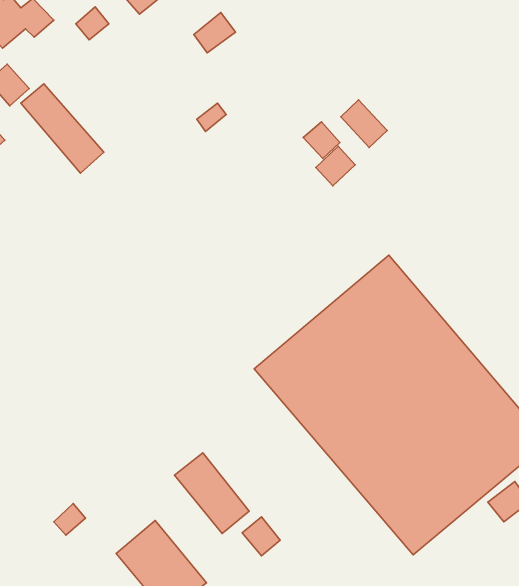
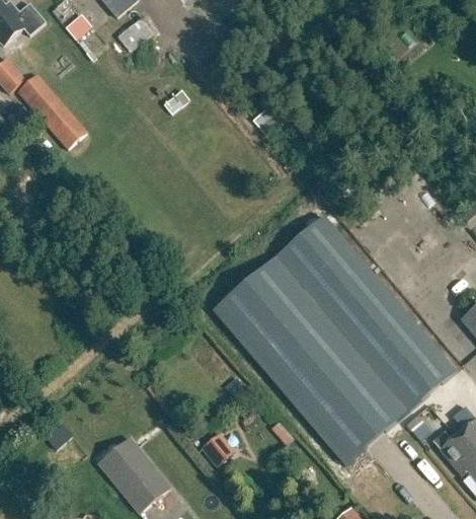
building: [194,13,235,53] -> [117,16,152,50]
building: [341,100,387,148] -> none
building: [316,146,355,186] -> none
building: [175,453,249,533] -> none

